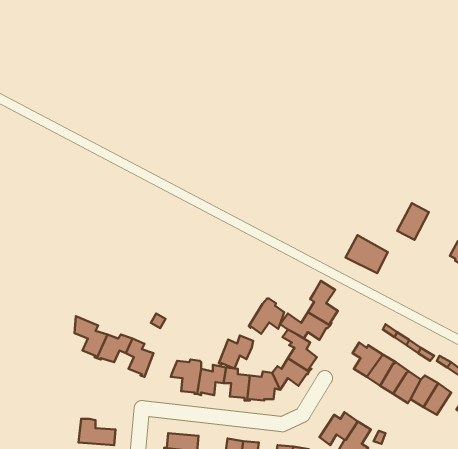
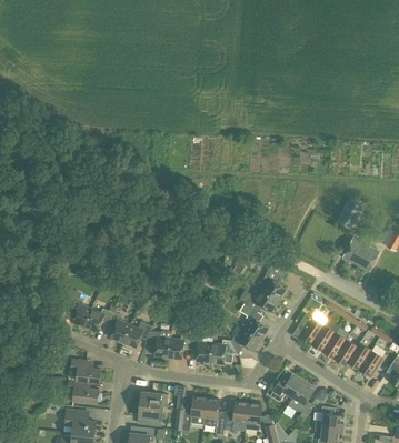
building: [346,235,388,273] -> [343,238,379,270]
building: [249,298,284,334] -> none
building: [219,336,253,368] -> [123,321,152,349]
building: none -> [68,360,101,382]

